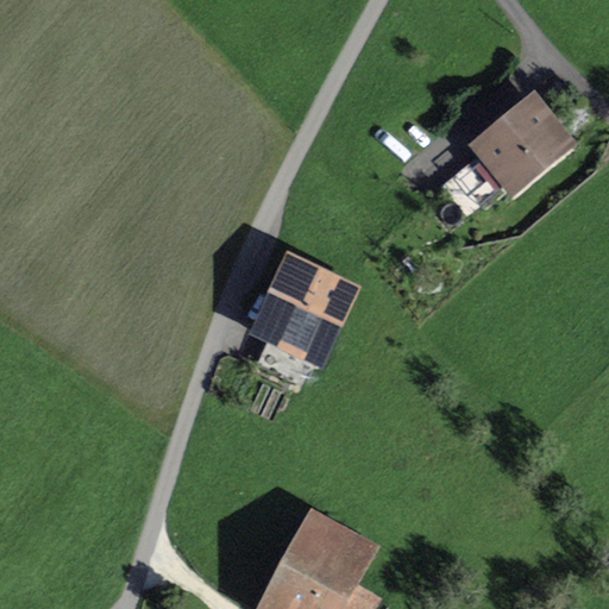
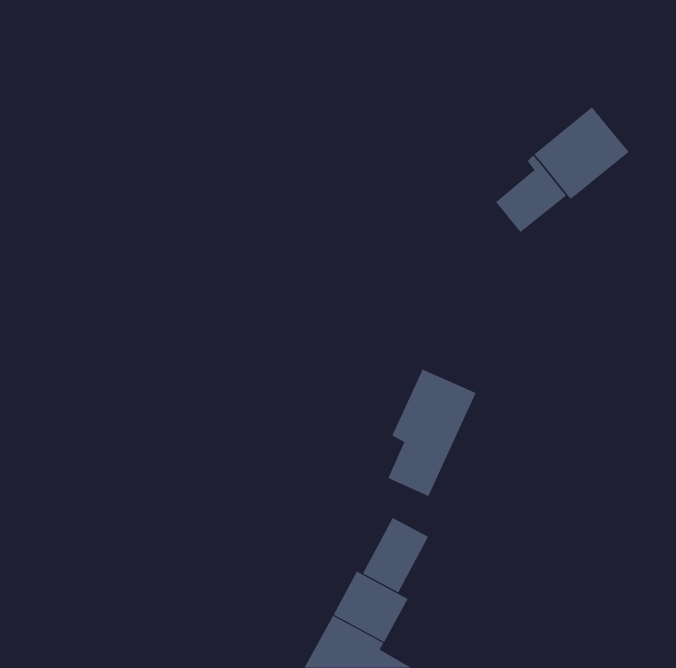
building: [262,262,341,376] -> [388,369,477,497]
building: none -> [362,517,429,593]

